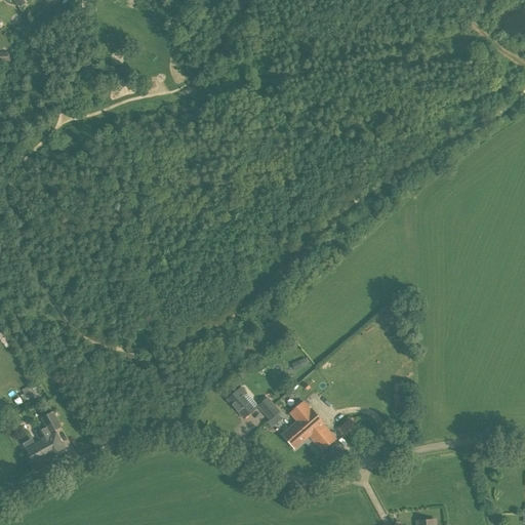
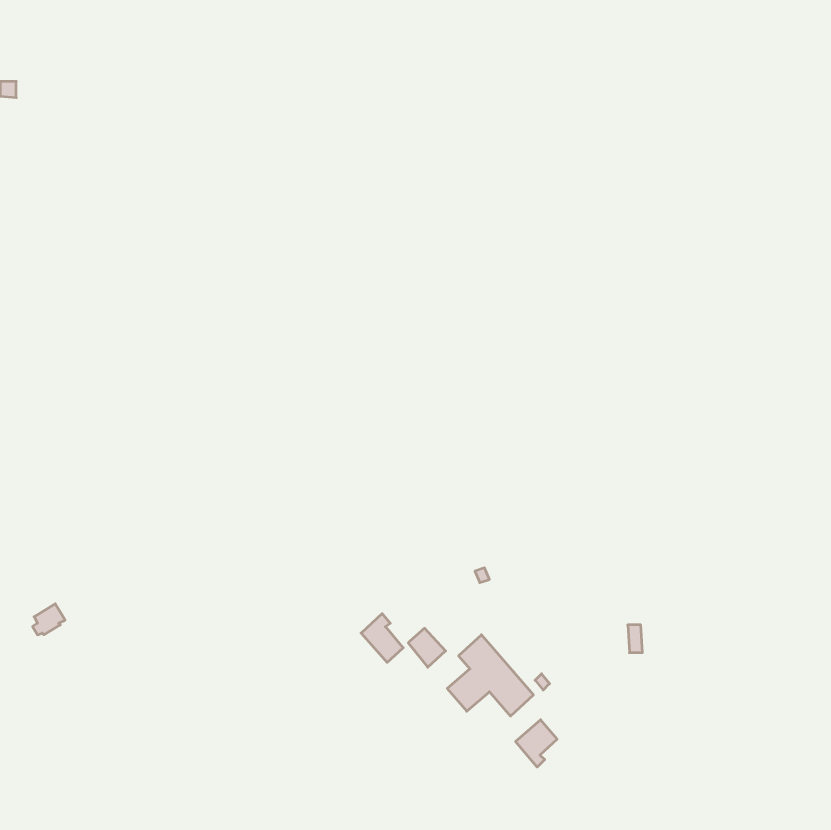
building: [26,410,65,463] -> none
building: none -> [516,720,557,767]

